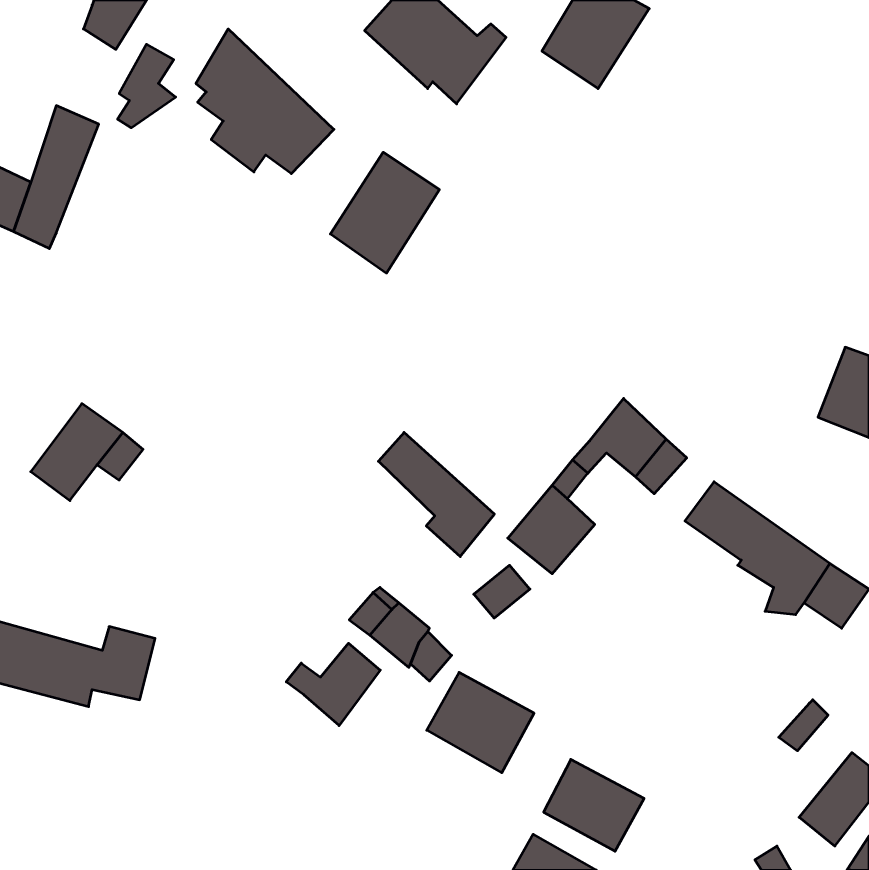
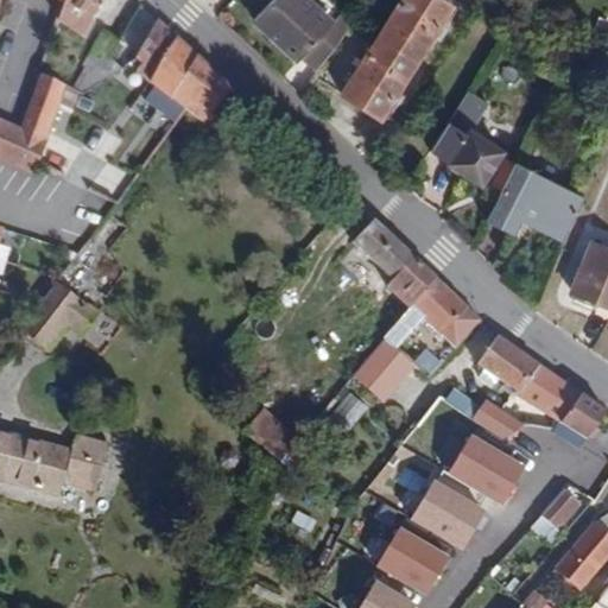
building: none -> [431,93,501,185]
building: [330,152,439,273] -> [341,36,417,120]
building: none -> [487,163,584,239]
building: [378,432,494,557] -> [354,221,435,308]
building: none -> [444,388,522,441]
building: none -> [445,436,524,507]
building: [286,643,380,726] -> none
building: [427,672,534,773] -> [408,481,483,551]

